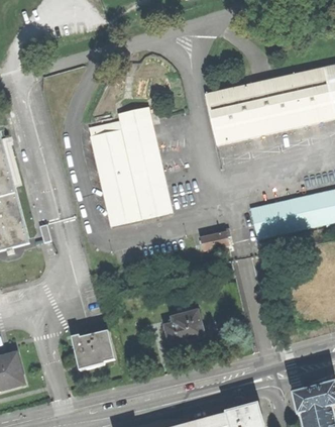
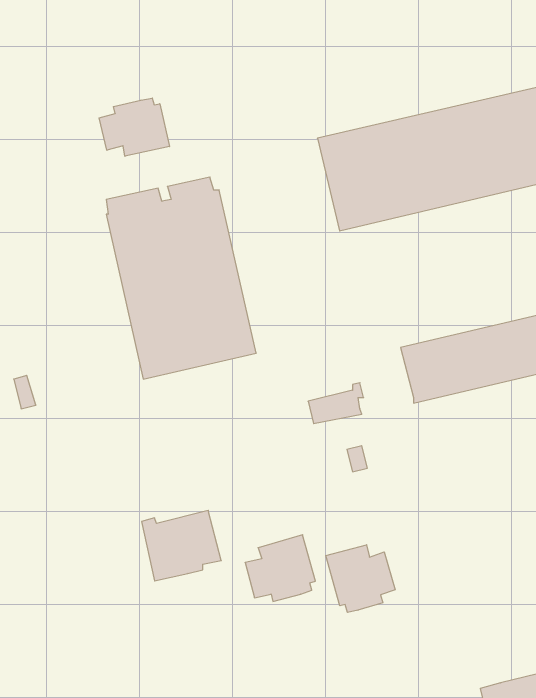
building: none -> [99,98,169,156]
building: none -> [326,545,395,612]
building: [72,330,115,368] -> [142,510,221,581]

